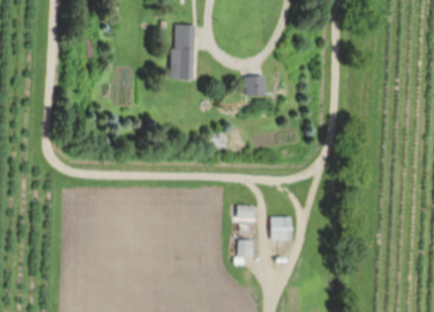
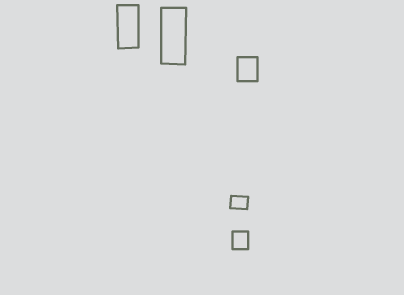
building: none -> [117,5,139,48]
building: [272,217,293,241] -> none

